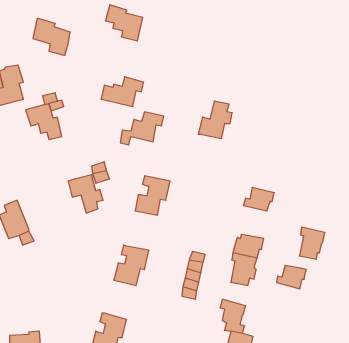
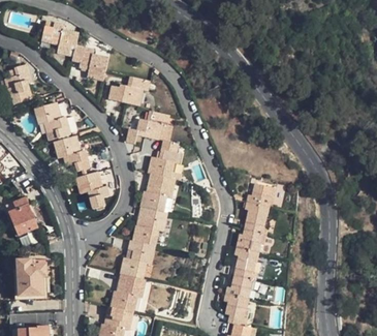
building: [105,5,143,41] -> [72,44,108,80]
building: [198,101,232,138] -> [149,141,182,177]
building: none -> [55,135,90,171]
building: none -> [133,207,167,245]
building: [299,227,325,259] -> [245,202,270,233]
building: none -> [19,258,48,294]
building: [277,265,306,289] -> [226,276,255,299]
building: none -> [112,274,147,312]

